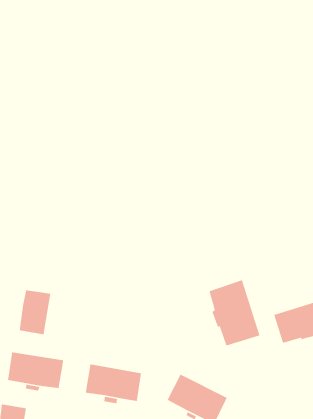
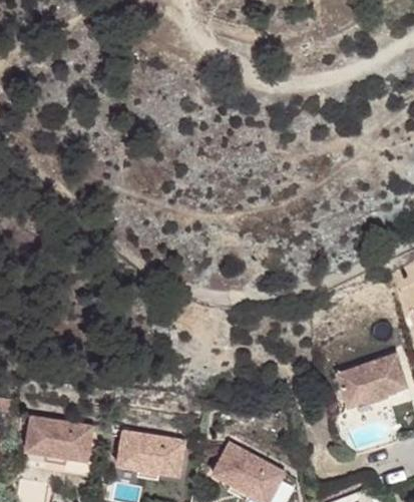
building: [208,279,260,347] -> none
building: [19,289,51,335] -> none

